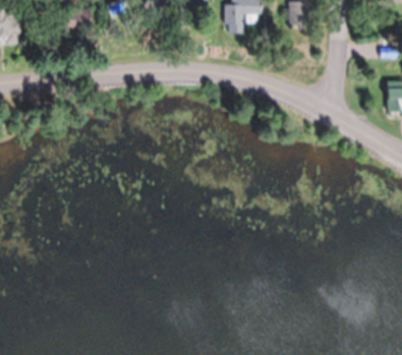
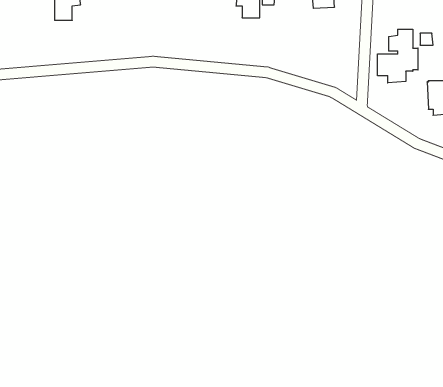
building: none -> [378,29,418,83]

